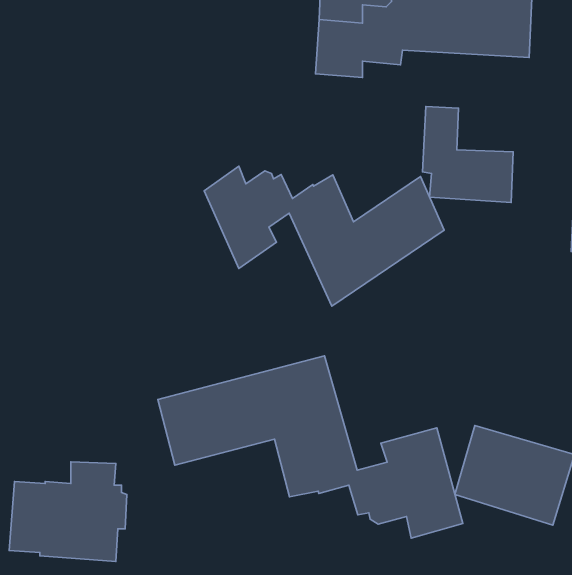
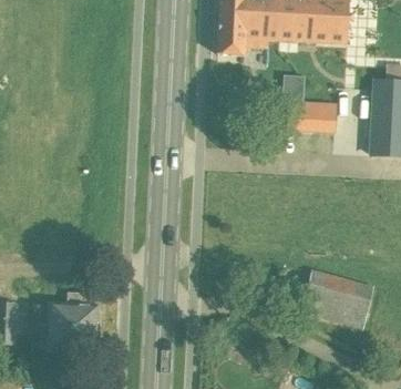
building: [204,166,444,306] -> none
building: [158,356,463,538] -> none

